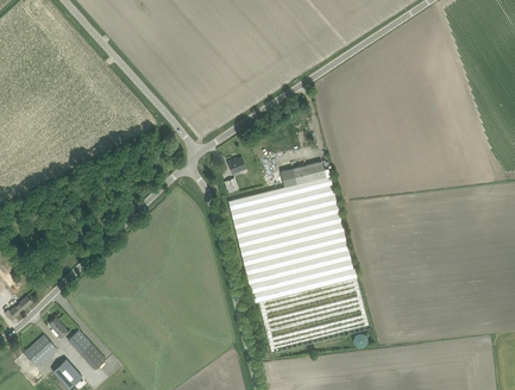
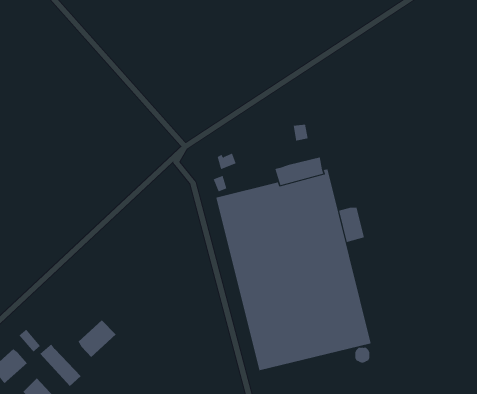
building: none -> [339,207,364,243]
building: none -> [78,319,117,358]

